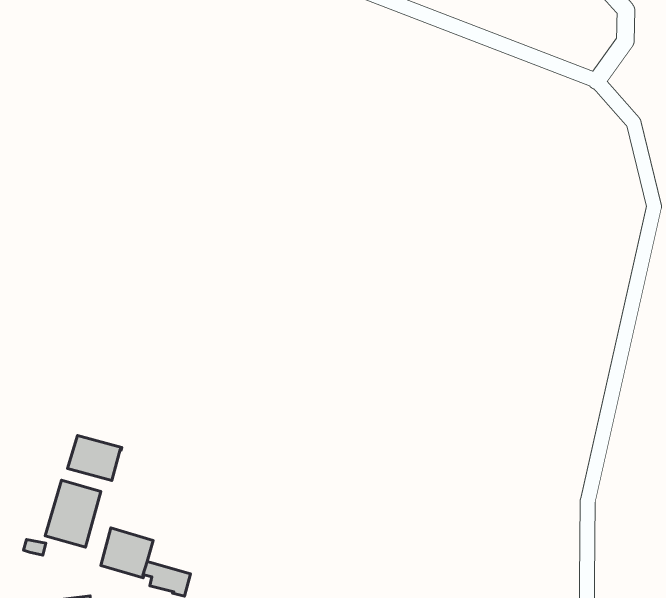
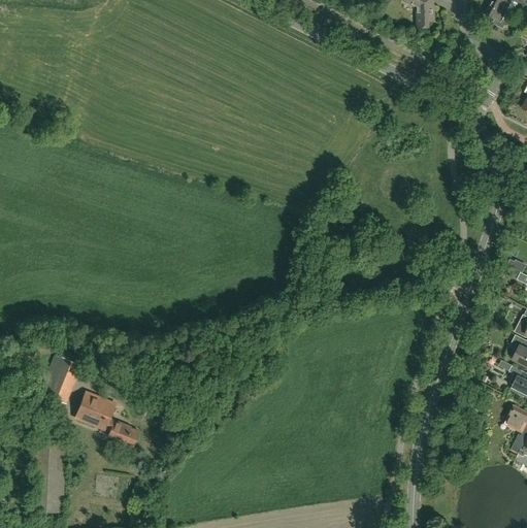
building: [67,435,122,481] -> none

